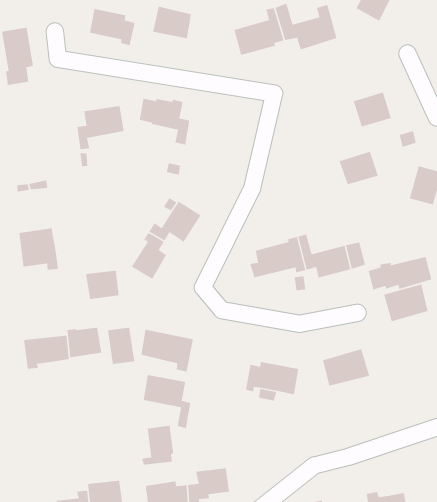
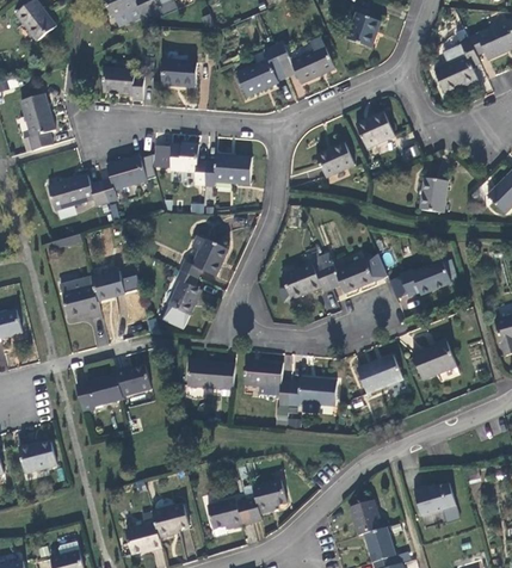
building: none -> [205,154,252,186]
building: none -> [48,174,107,209]
building: [338,151,379,185] -> [315,142,354,177]
building: [85,270,120,300] -> [91,270,125,301]
building: [383,284,428,322] -> [412,340,456,379]
building: [107,327,135,365] -> none
building: [143,374,191,429] -> [245,359,290,406]
building: [141,425,174,465] -> none

